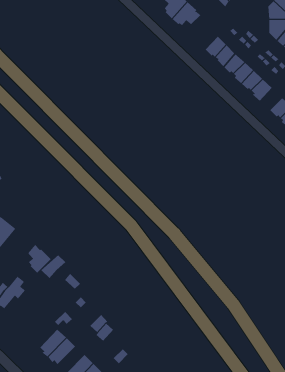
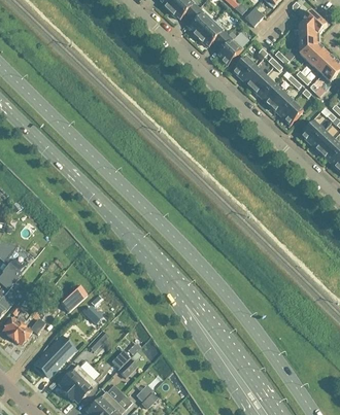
building: none -> [217,34,243,65]
building: [27,244,52,274] -> none
building: none -> [35,342,68,375]

